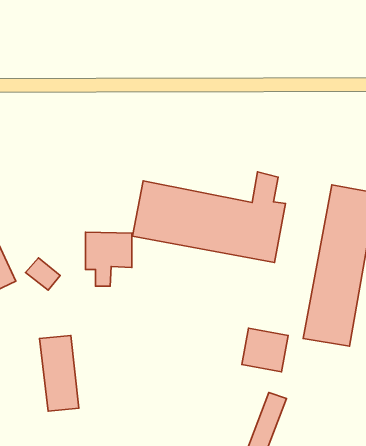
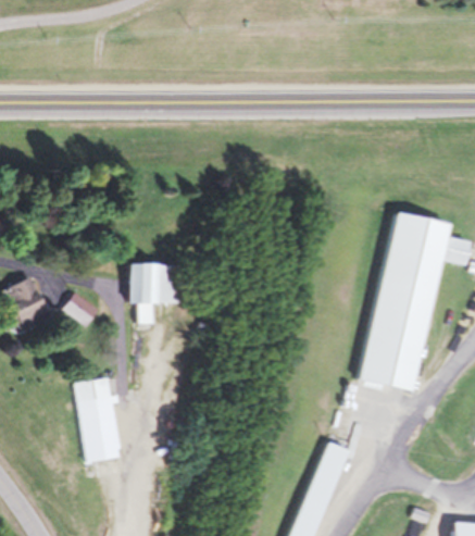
building: [132,172,286,262] -> none
building: [242,328,288,372] -> none

